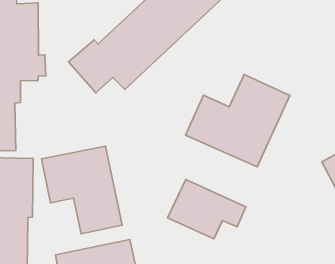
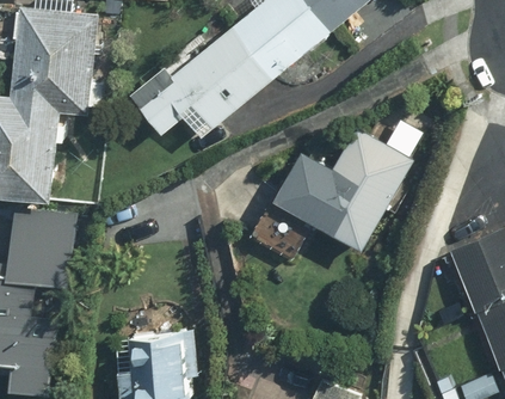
building: [42,146,122,234] -> none
building: [168,180,246,239] -> none

